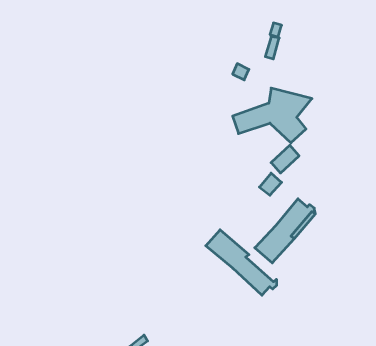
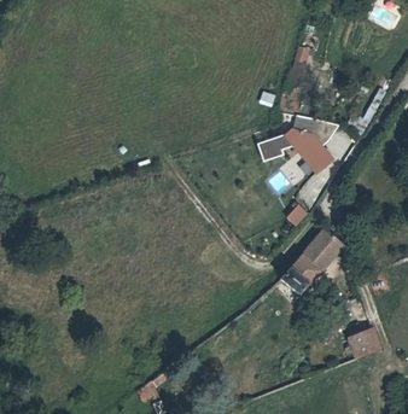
building: [206,230,277,295] -> none
building: none -> [345,327,380,358]

